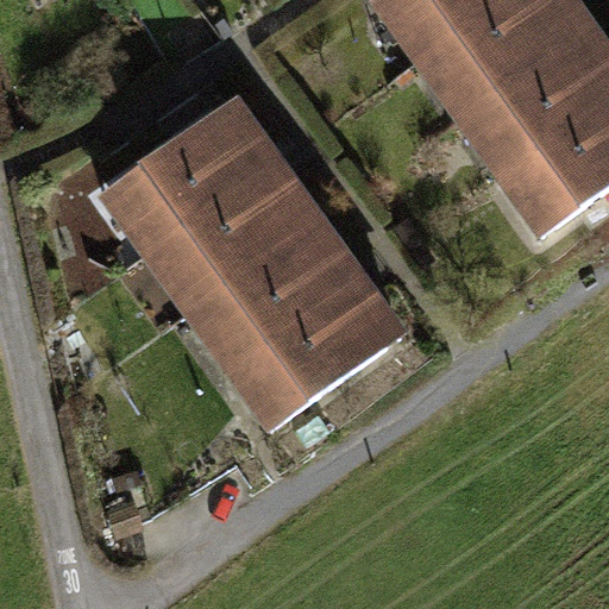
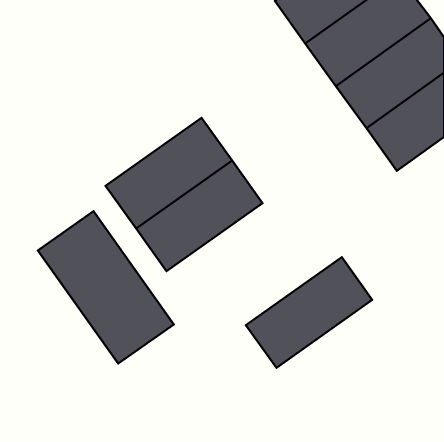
building: [102,102,275,253] -> none
building: [227,277,400,428] -> [246,257,372,368]
building: none -> [38,211,174,364]

